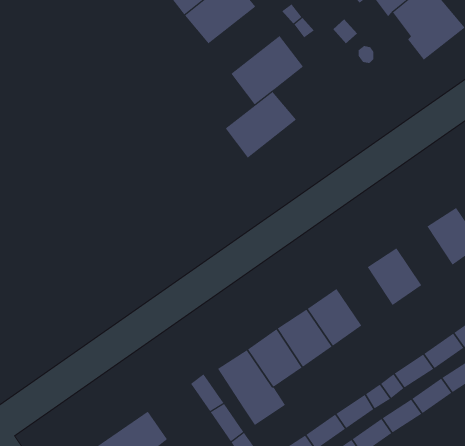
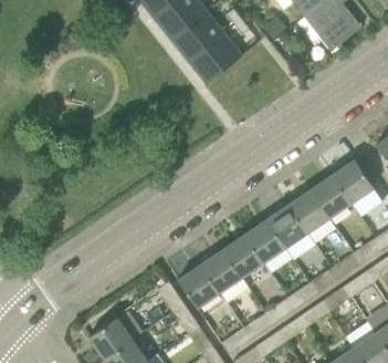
building: [225,91,297,158] -> [172,11,226,61]
building: none -> [312,174,353,217]
building: none -> [268,204,308,247]

